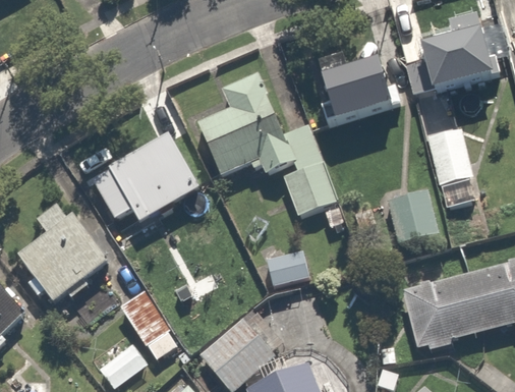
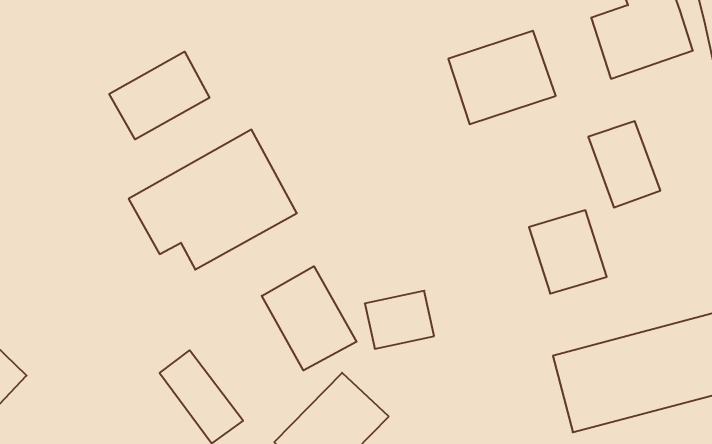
building: none -> [109,52,209,139]
building: [201,76,335,217] -> none
building: [19,207,113,311] -> none
building: none -> [262,266,356,370]

